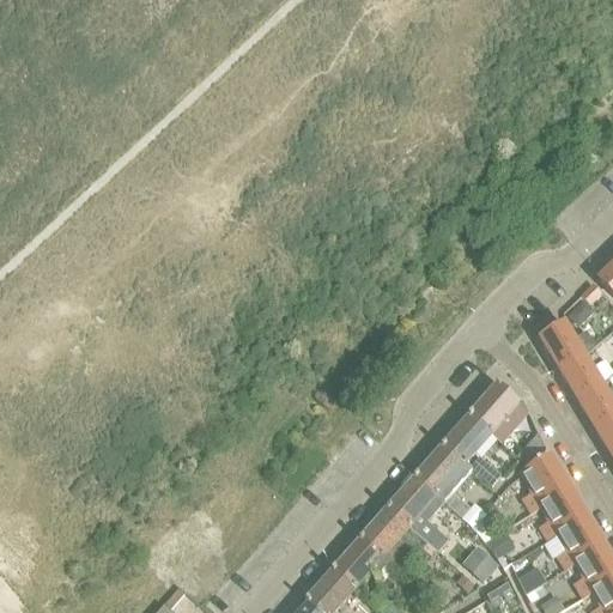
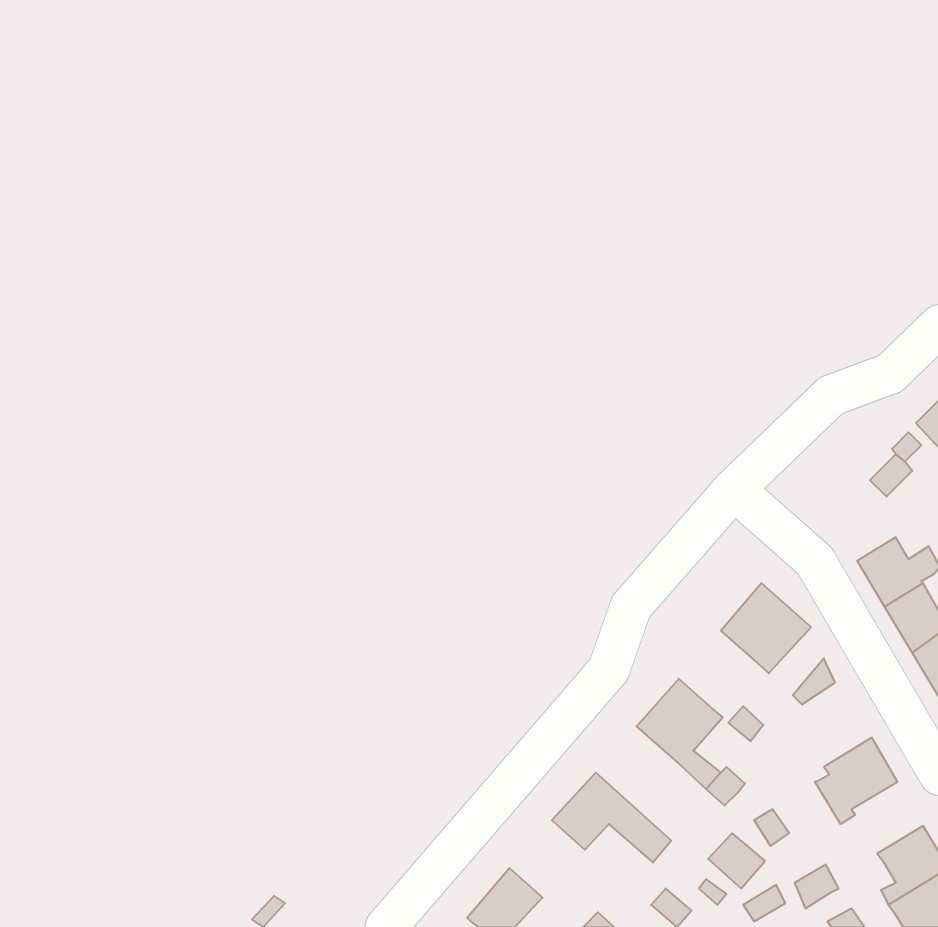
building: [540,318,584,365] -> none
building: [443,411,492,461] -> none
building: [515,451,569,509] -> none
building: [389,473,447,547] -> none
building: [556,509,602,566] -> none
building: [333,534,390,584] -> none

